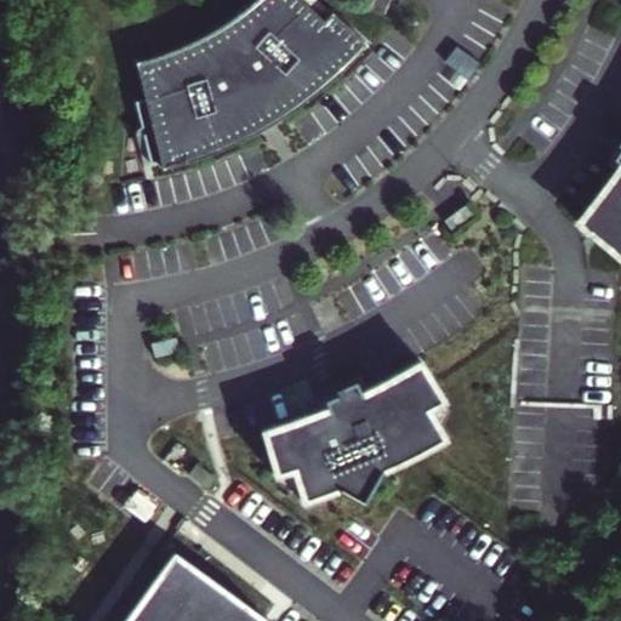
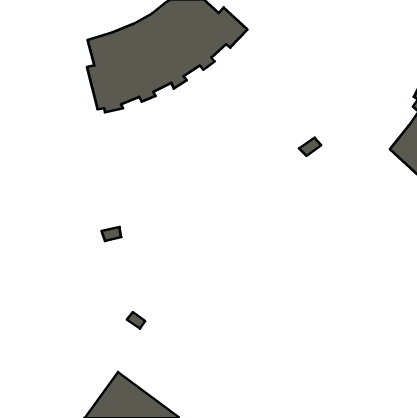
building: [266,375,448,515] -> none

